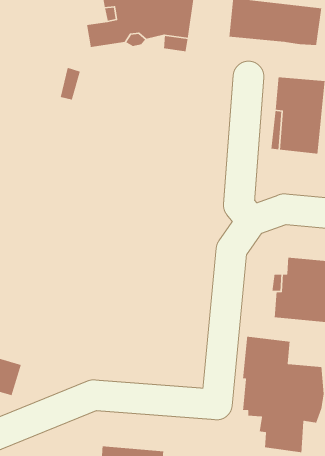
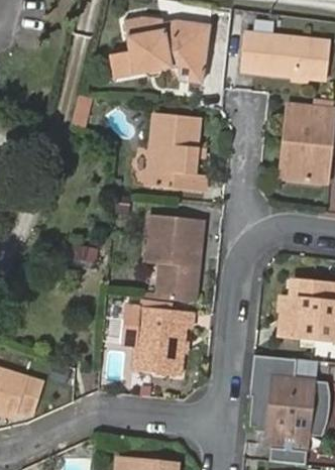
building: none -> [145,111,204,188]
building: none -> [145,213,202,299]
building: none -> [135,303,194,370]

